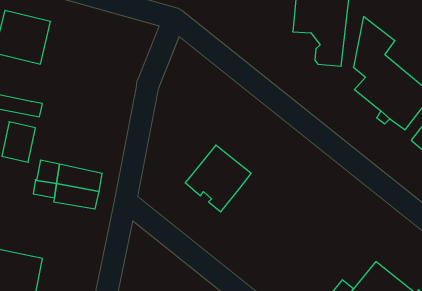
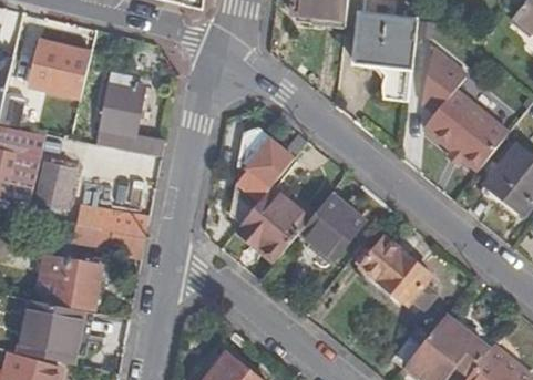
building: none -> [94,71,163,157]
building: none -> [232,130,295,223]
building: none -> [299,193,365,259]
building: none -> [361,236,437,307]
building: none -> [41,256,101,306]

